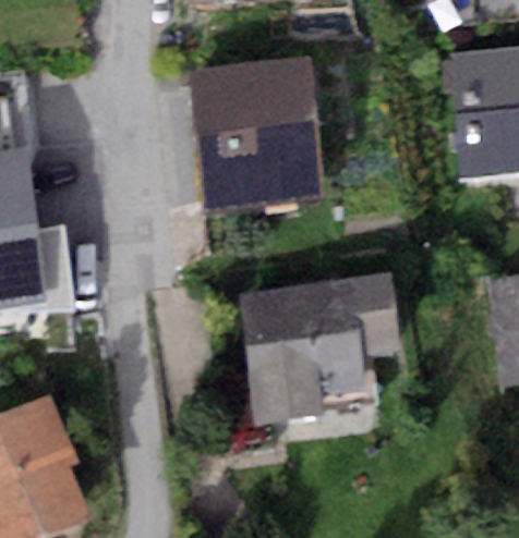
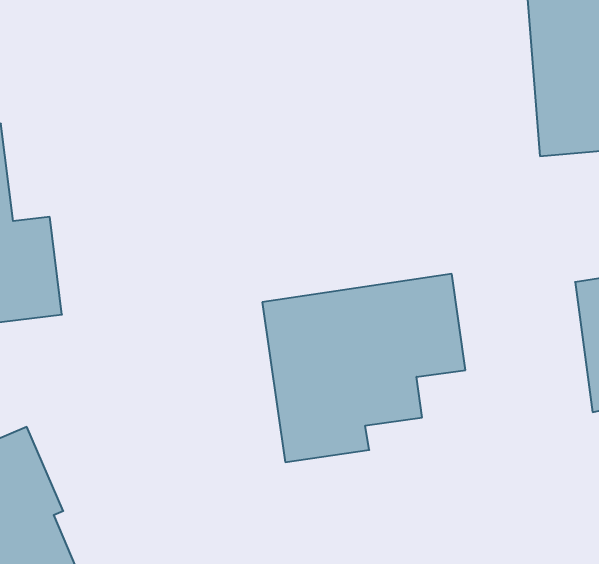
building: [188,57,323,211] -> none

